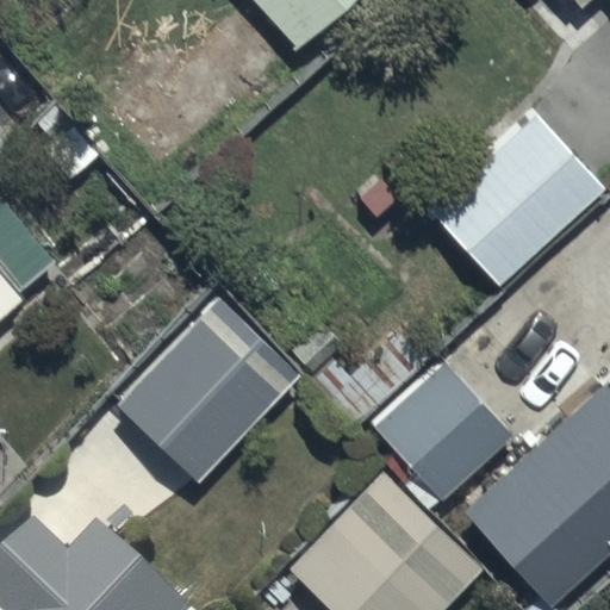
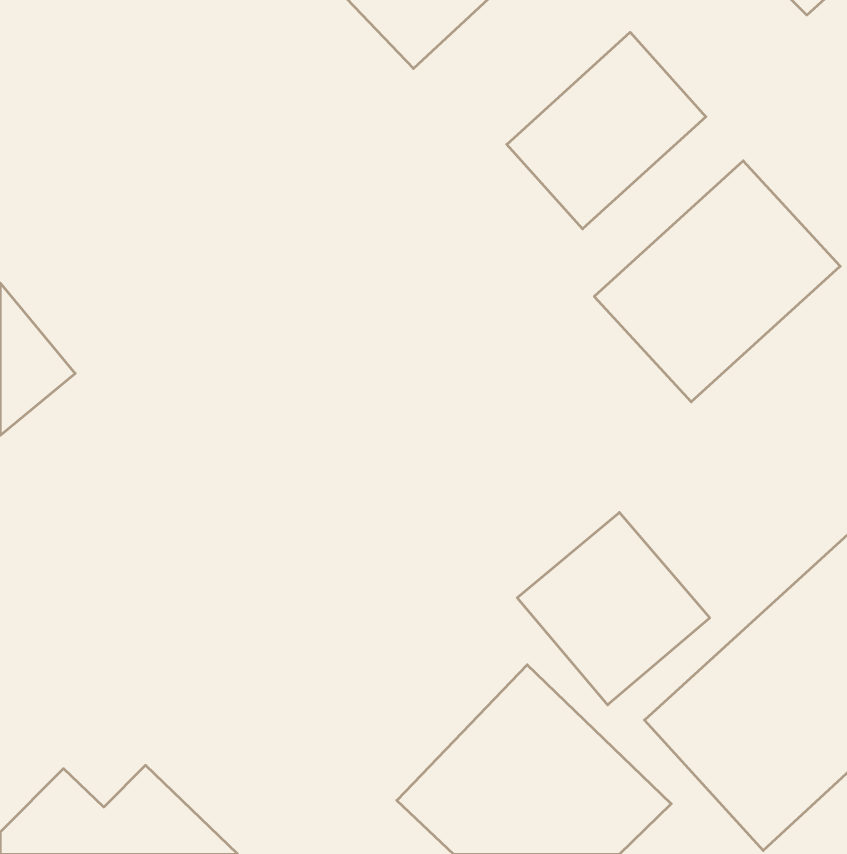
building: none -> [507,32,706,229]
building: [116,299,297,481] -> none

